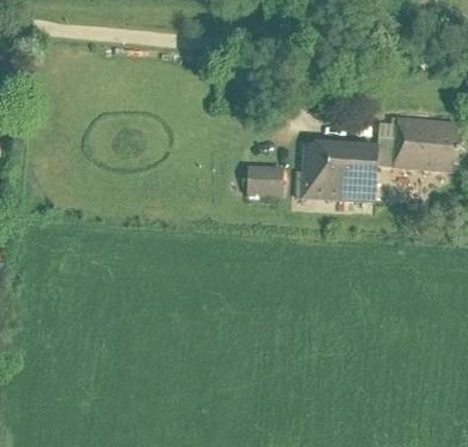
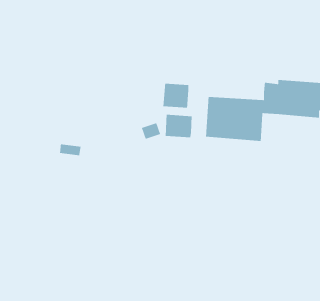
building: none -> [162,83,189,108]

